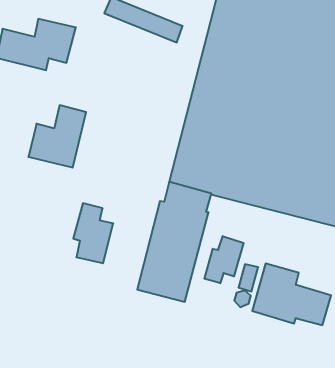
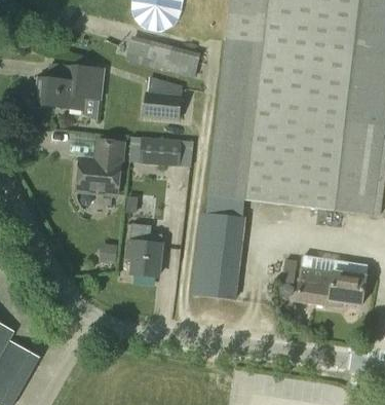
building: none -> [143,93,181,119]
building: none -> [140,136,181,165]
building: [204,236,244,283] -> none

